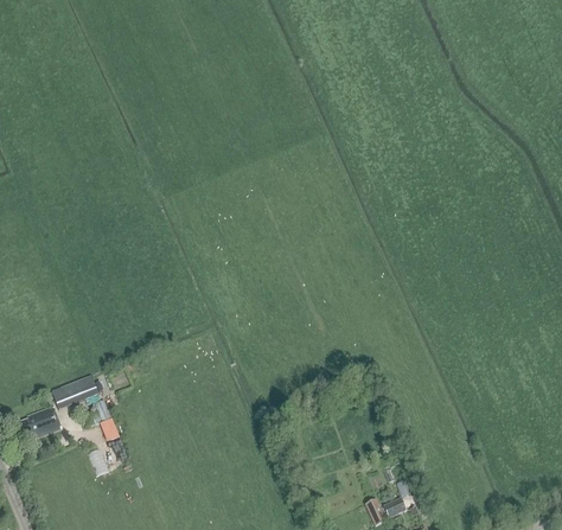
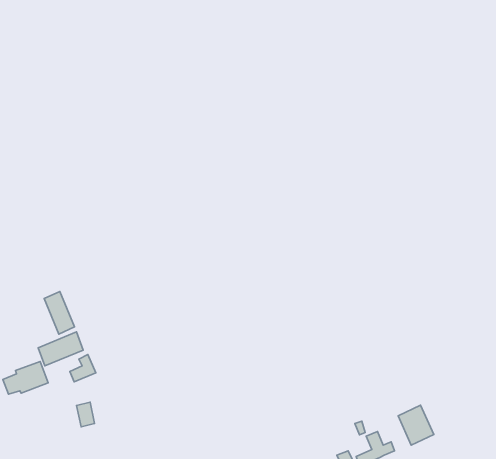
building: none -> [44,292,74,334]
building: none -> [398,405,434,445]

